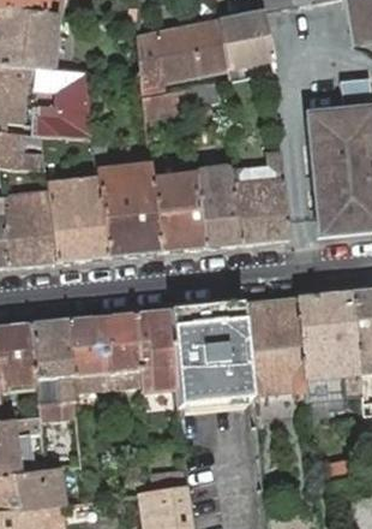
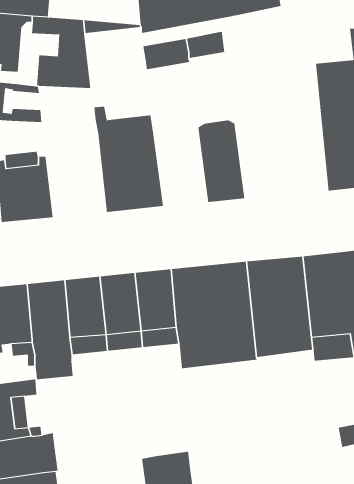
building: [230,150,292,243] -> none
building: [152,174,204,250] -> none
building: [47,180,107,261] -> none

